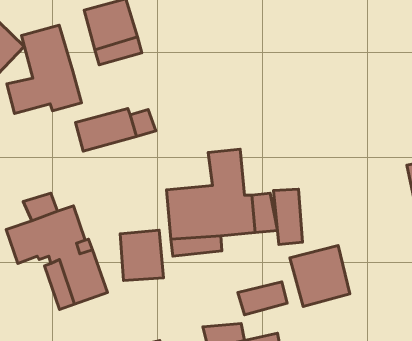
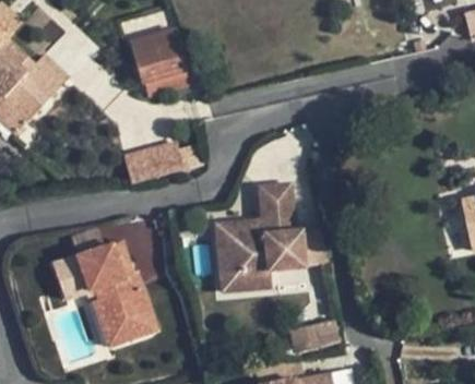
building: [7,25,81,114] -> none
building: [274,189,303,245] -> none
building: [120,230,163,281] -> none
building: [290,246,350,306] -> none

